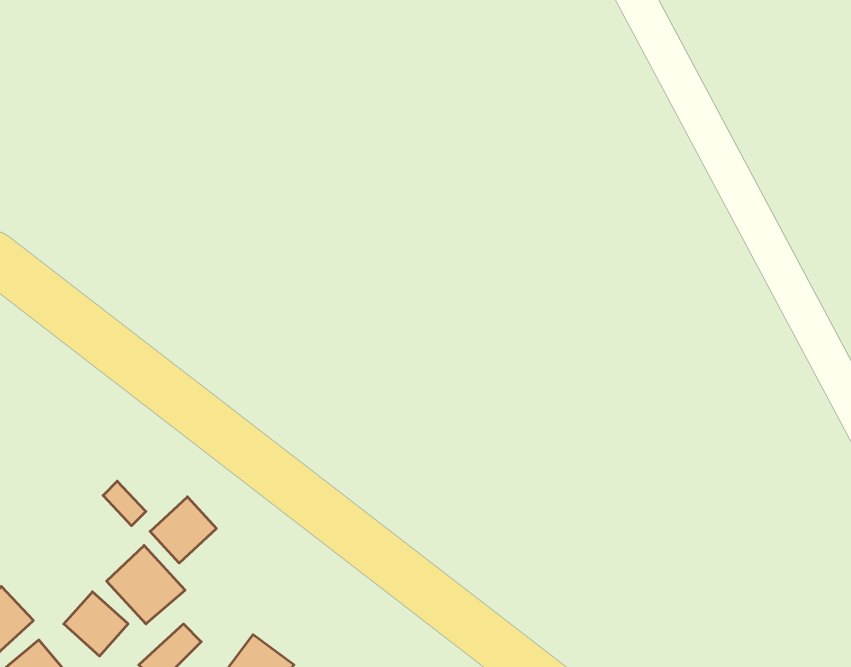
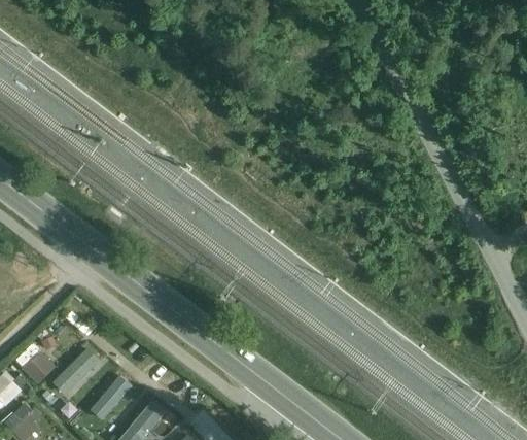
building: [150,497,216,563] -> none
building: none -> [21,347,51,382]

